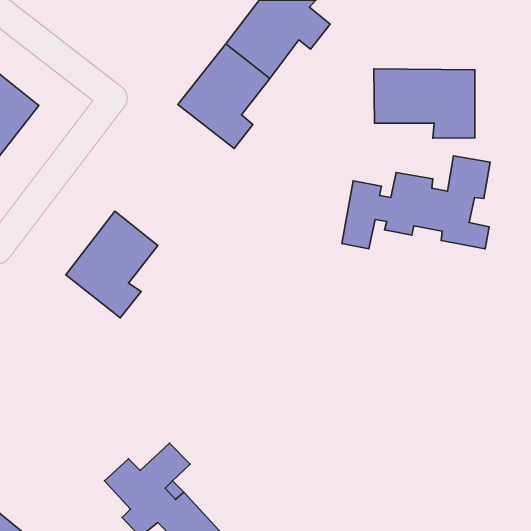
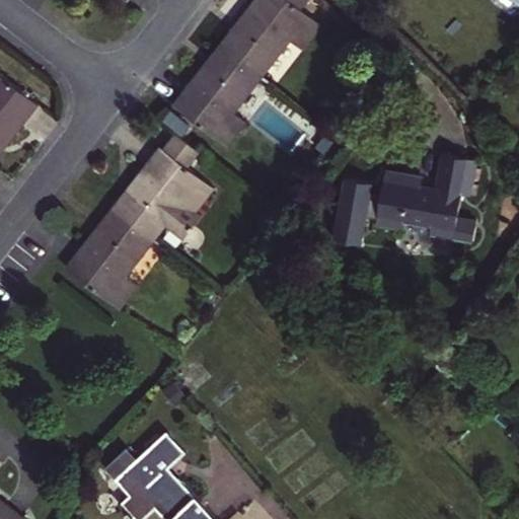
building: [374,69,475,138] -> none
building: none -> [112,135,213,241]

